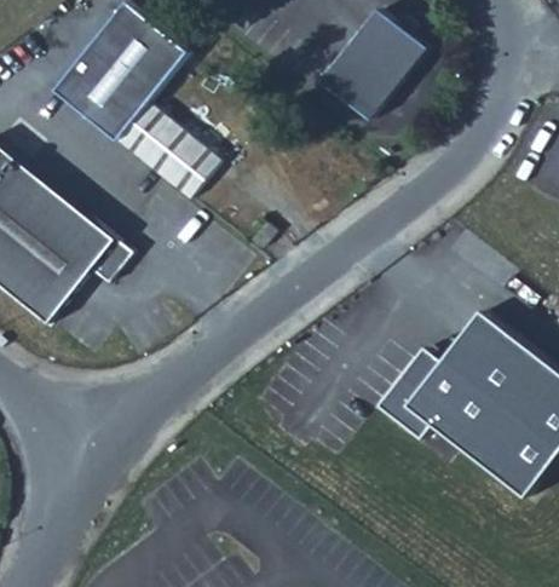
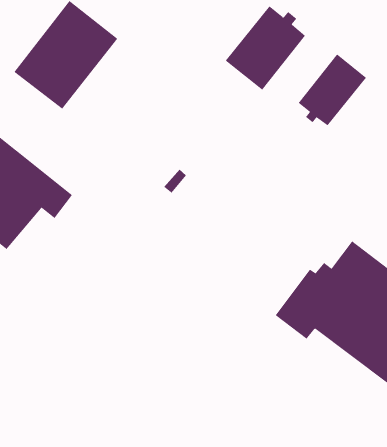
building: none -> [298,54,367,126]
building: [114,102,215,196] -> none

